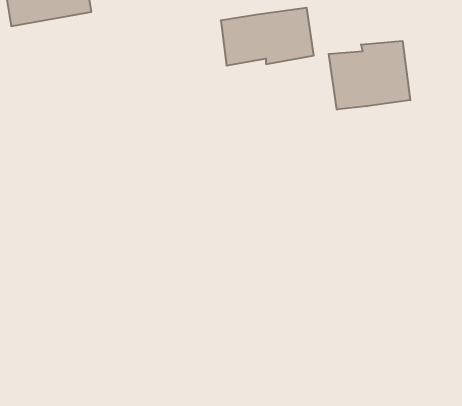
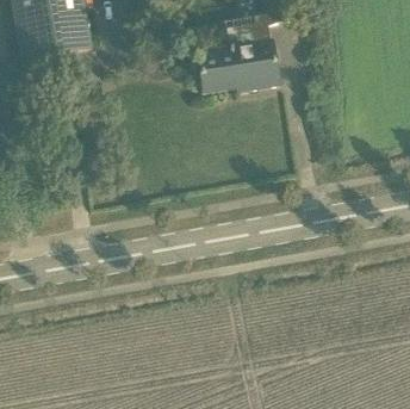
building: [329,41,410,110] -> none

